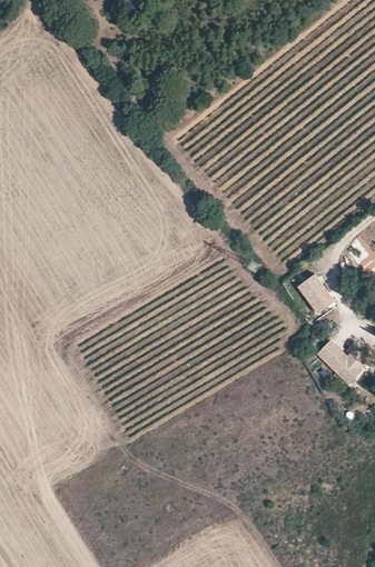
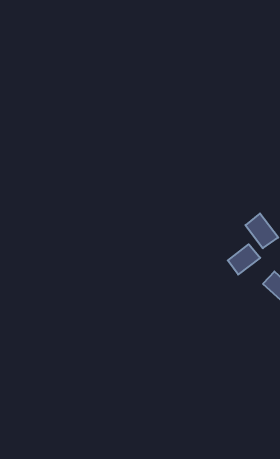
building: none -> [228,244,260,275]

